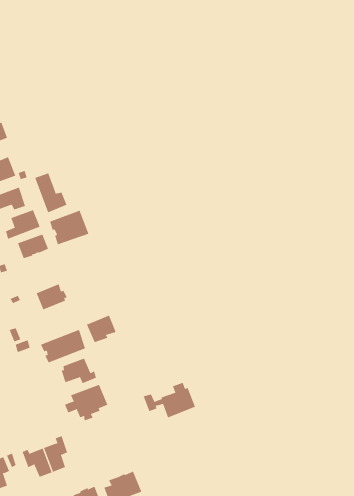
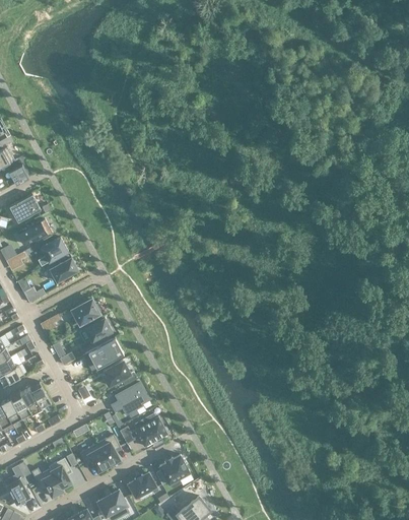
building: [35,172,67,213] -> none
building: [49,210,89,245] -> none
building: [86,315,116,343] -> [83,318,111,344]
building: [143,382,196,418] -> [119,413,166,447]

